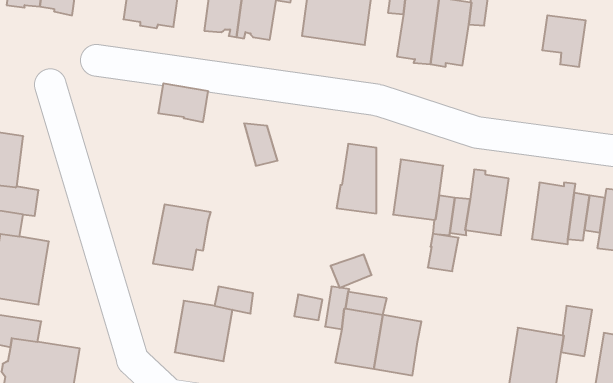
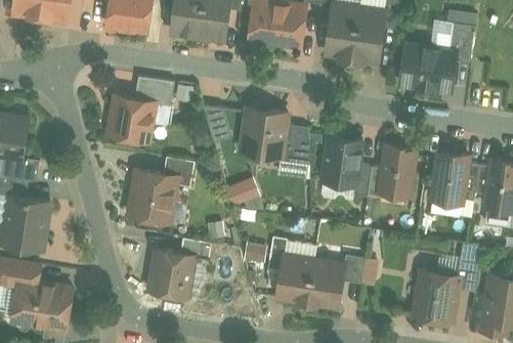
building: none -> [399,44,456,91]
building: none -> [109,95,164,144]
building: none -> [241,109,287,157]
building: none -> [164,158,196,188]
building: [428,234,459,271] -> [341,255,366,285]
building: [330,254,372,288] -> [225,179,258,206]

